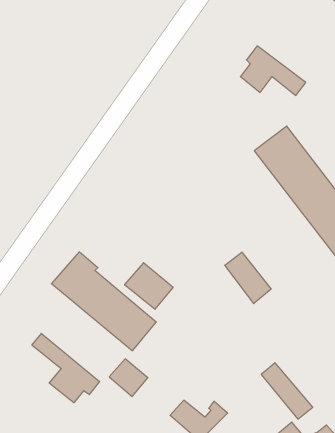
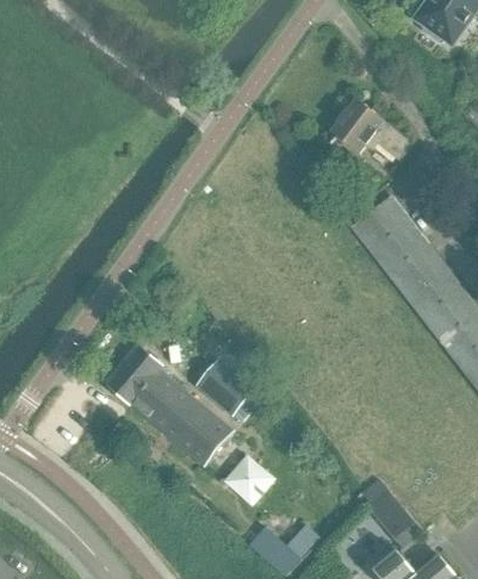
building: [225,252,271,304] -> none
building: [32,333,100,403] -> none
building: [109,359,148,397] -> [226,457,273,503]

